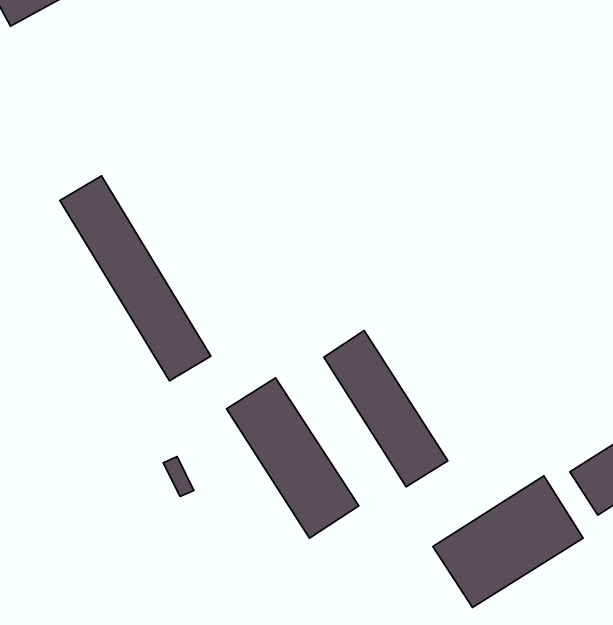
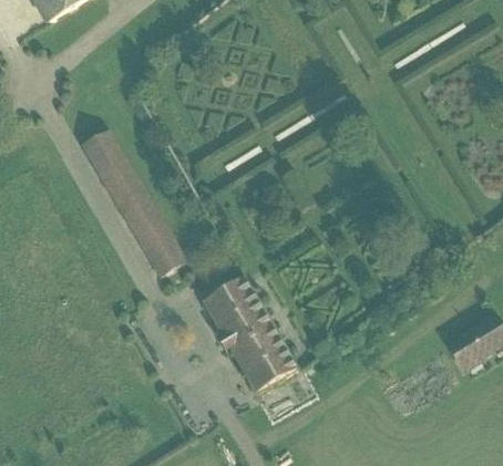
building: [324,330,448,487] -> none
building: [433,476,583,608] -> none

